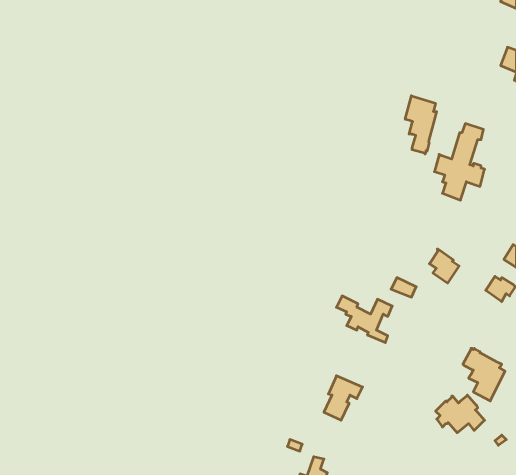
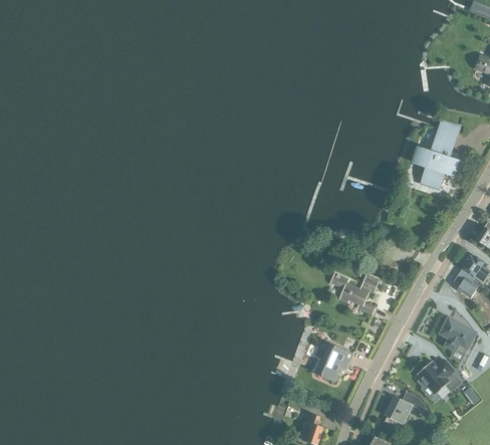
building: [405,96,437,154] -> none
building: [429,249,459,283] -> [454,267,480,297]
building: none -> [385,391,427,425]

